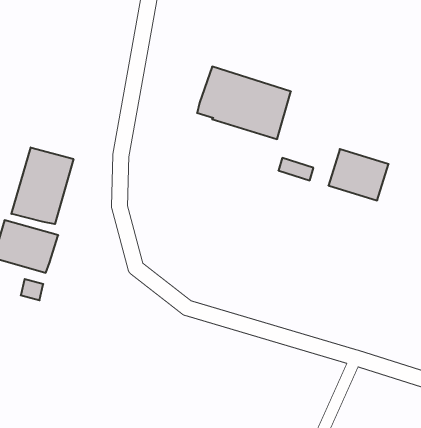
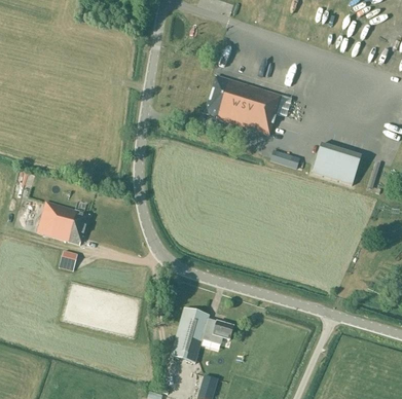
building: [11,147,73,224] -> none
building: none -> [171,309,232,364]

